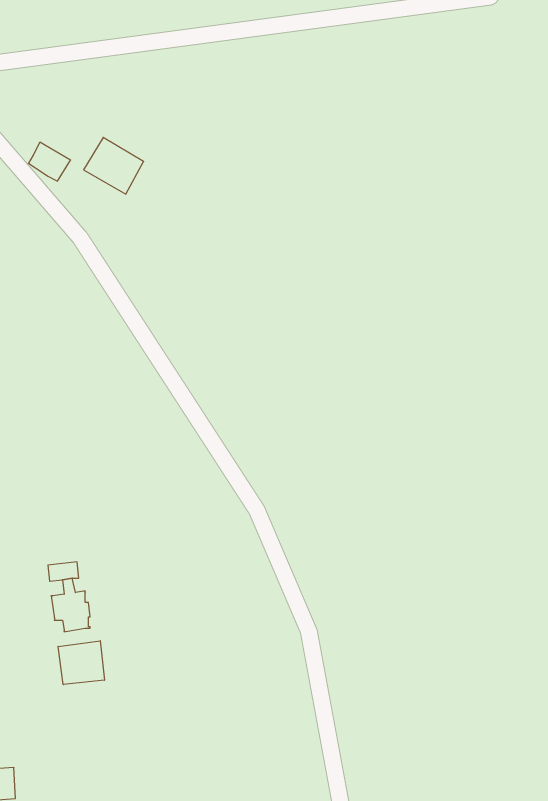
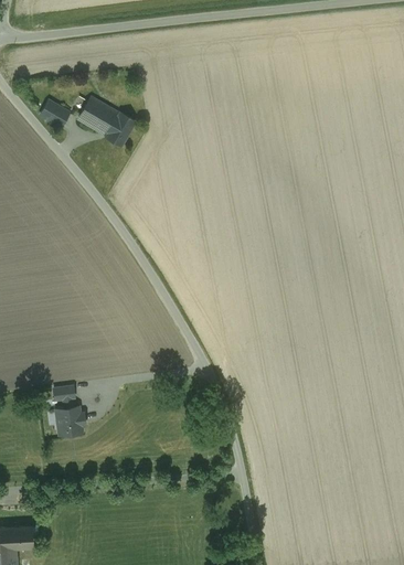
building: none -> [106,113,136,146]
building: [58,641,104,685] -> none

